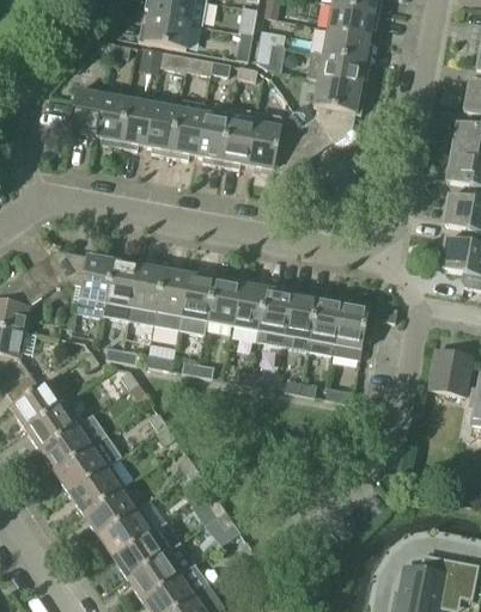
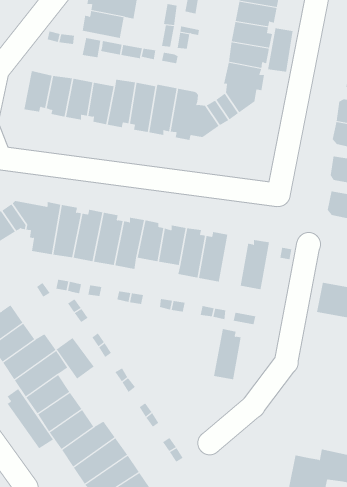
building: none -> [268,27,293,72]
building: [308,292,342,355] -> [213,328,241,380]
building: none -> [56,337,94,380]
building: none -> [7,388,54,449]

